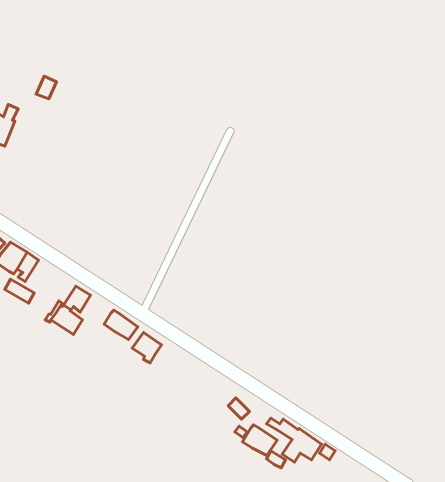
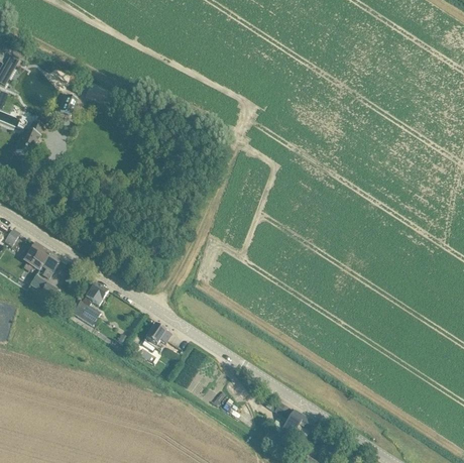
building: [104,310,138,339] -> none
building: [243,425,277,456] -> none

